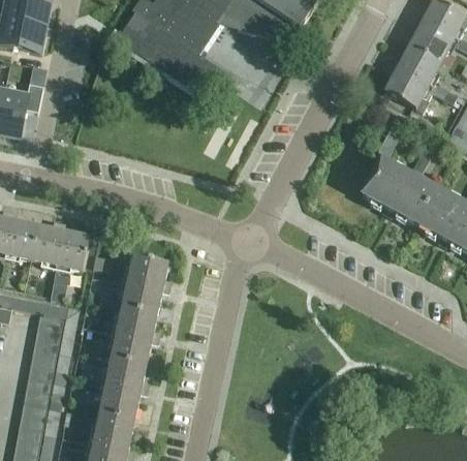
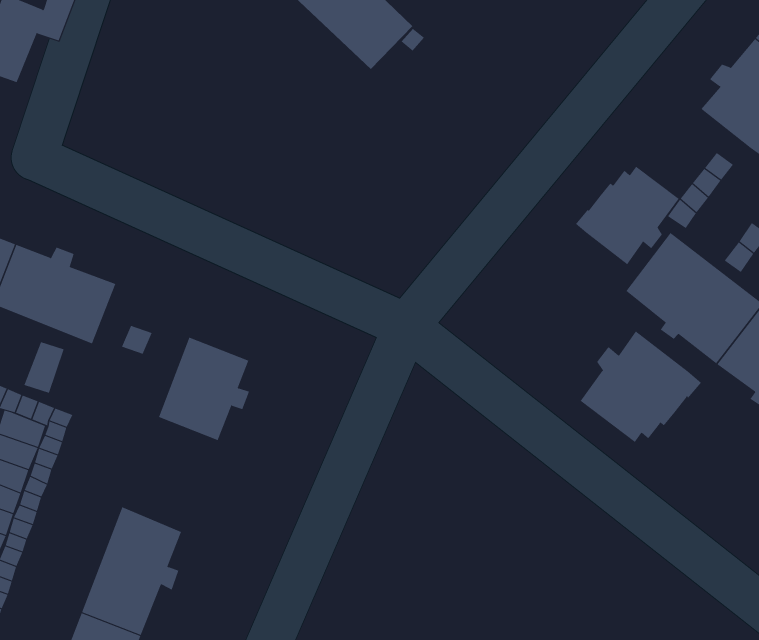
building: none -> [575,166,680,265]
building: none -> [580,330,702,443]
building: [113,302,160,361] -> none

